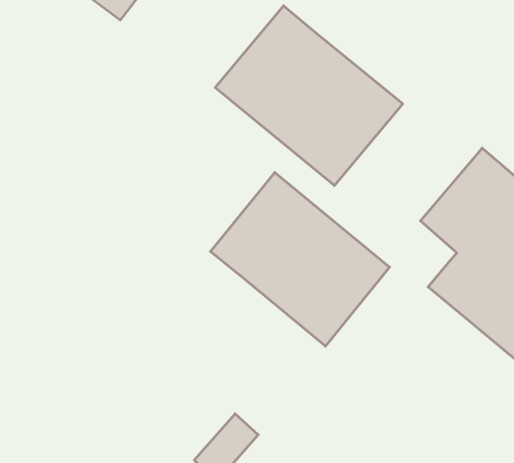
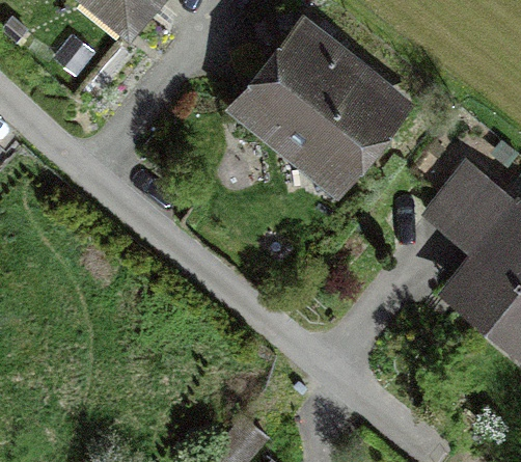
building: [210,172,390,346] -> none

